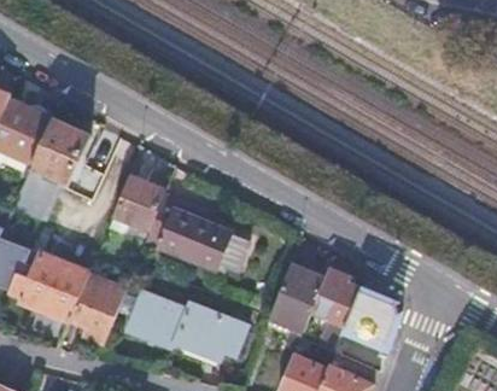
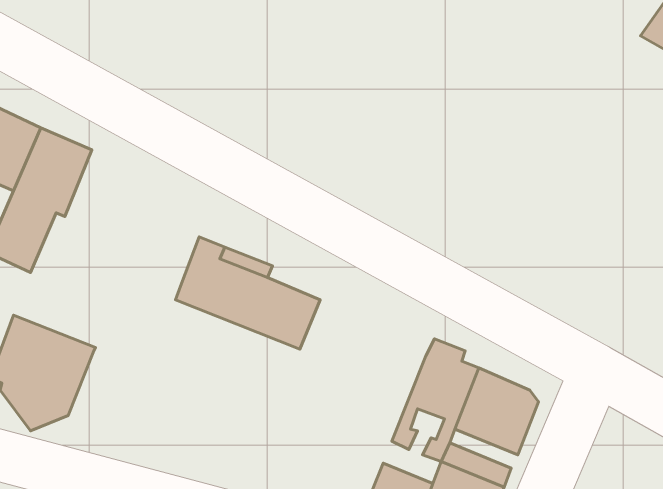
building: [112,157,165,228] -> none
building: [265,263,323,339] -> none
building: [70,274,127,344] -> none
building: [127,297,251,358] -> none

